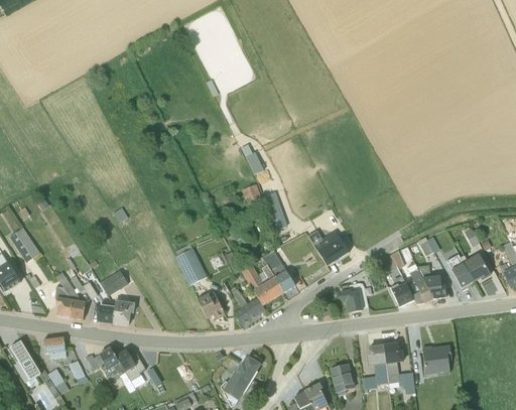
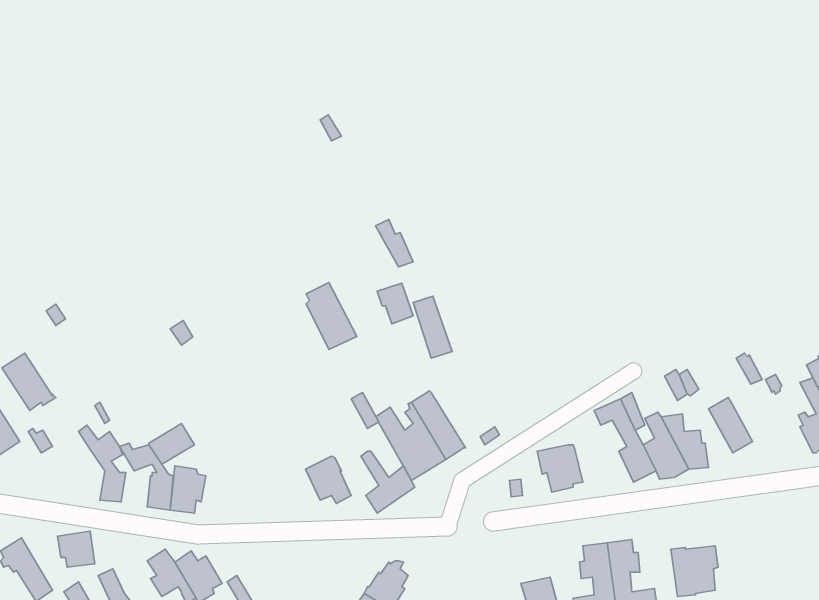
building: [307,230,349,266] -> none
building: [175,243,207,284] -> [306,283,357,349]
building: [460,254,489,281] -> none
building: [54,285,73,317] -> none

